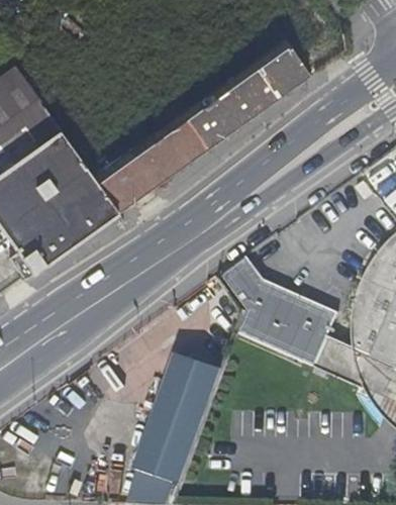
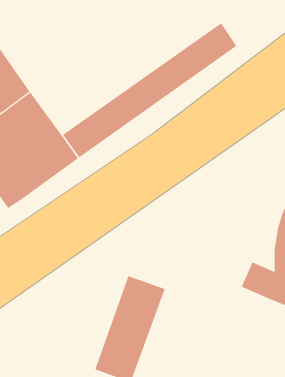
building: [223,260,338,366] -> none

